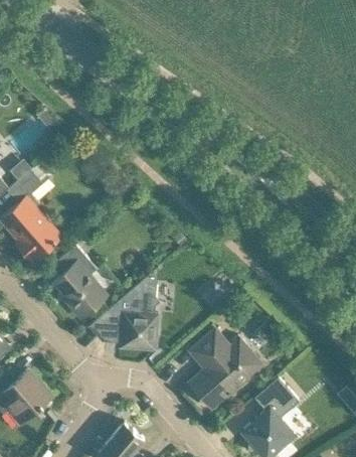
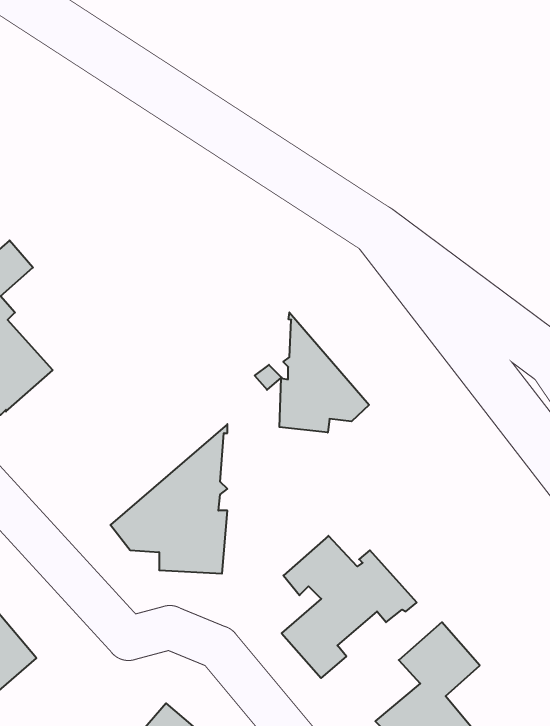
building: none -> [279,312,369,433]
building: [51,247,106,319] -> none

